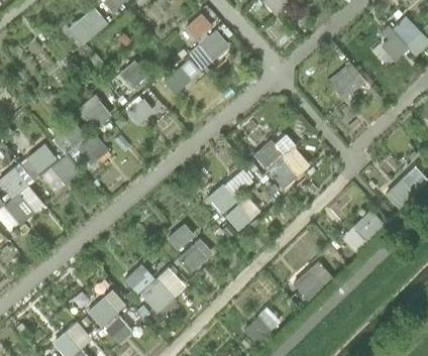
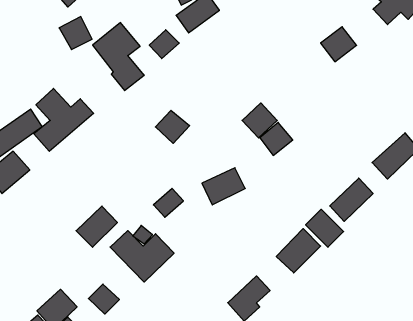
building: [79,96,111,128] -> [59,17,92,50]
building: [206,184,239,216] -> [155,110,190,143]
building: [179,238,214,273] -> none
building: none -> [306,209,344,247]
building: [86,288,126,329] -> [76,206,117,247]

